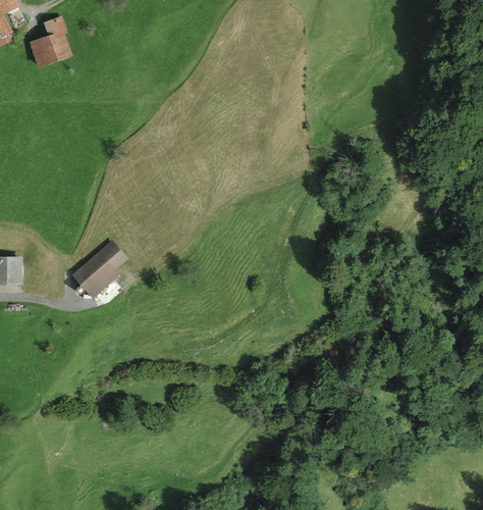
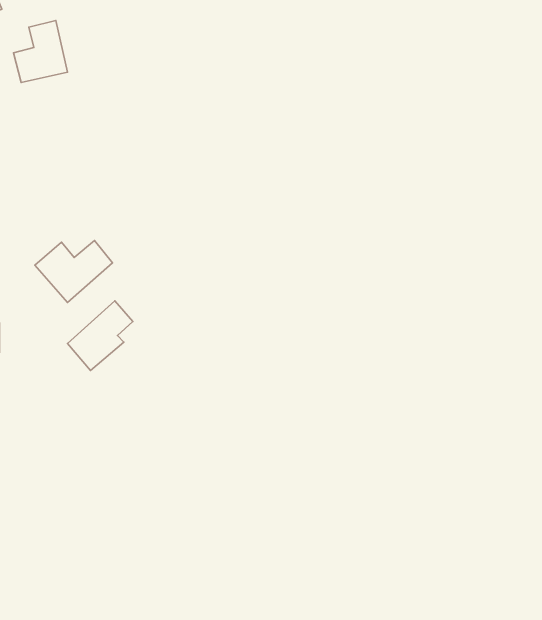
building: none -> [35,240,113,302]

